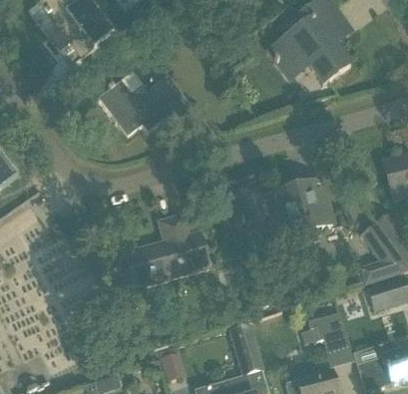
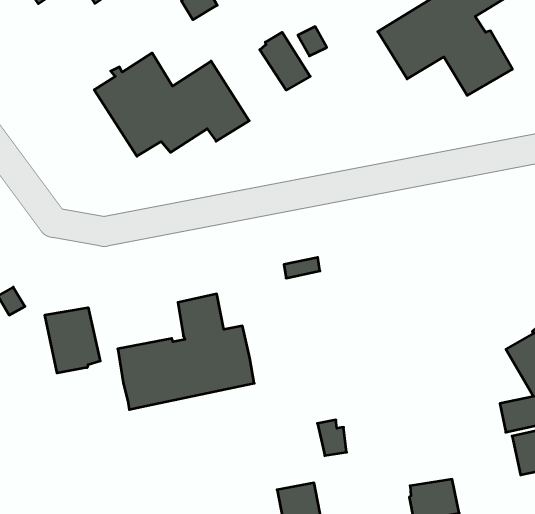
building: none -> [260,32,310,90]
building: [271,176,334,248] -> none
building: none -> [45,308,100,373]

